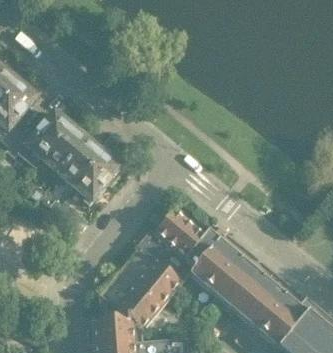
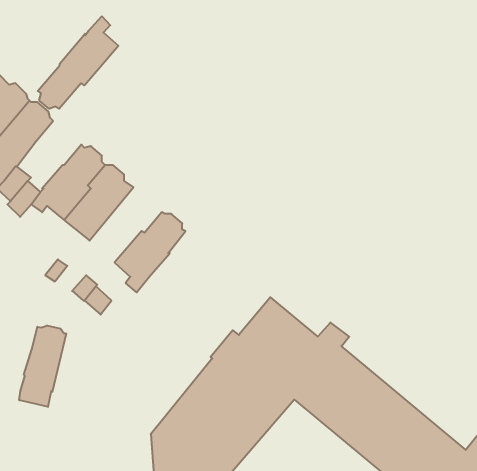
building: none -> [38,16,118,109]
building: [59,138,105,186] -> none
building: none -> [19,325,66,407]

